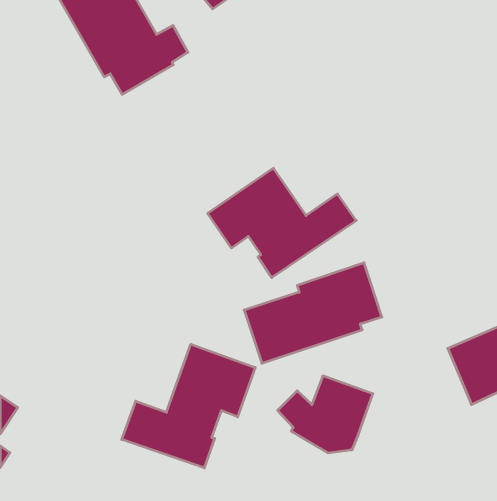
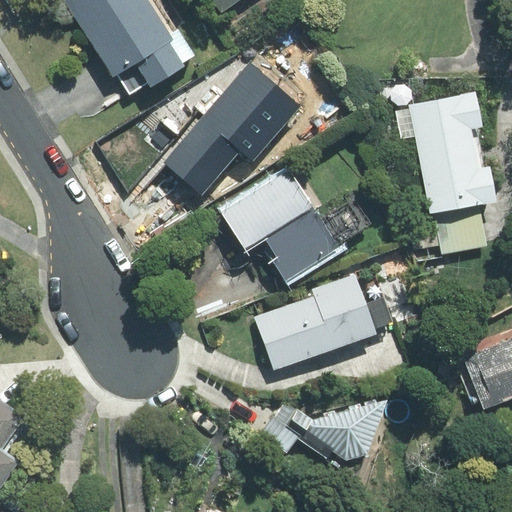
building: none -> [161,52,296,199]
building: none -> [396,93,497,255]
building: [122,344,255,468] -> none

